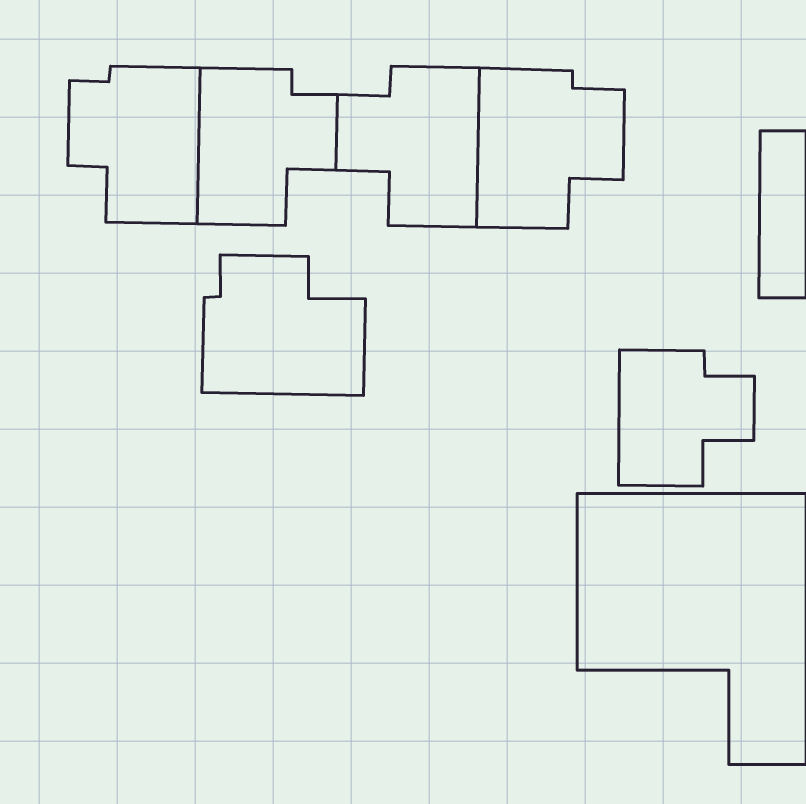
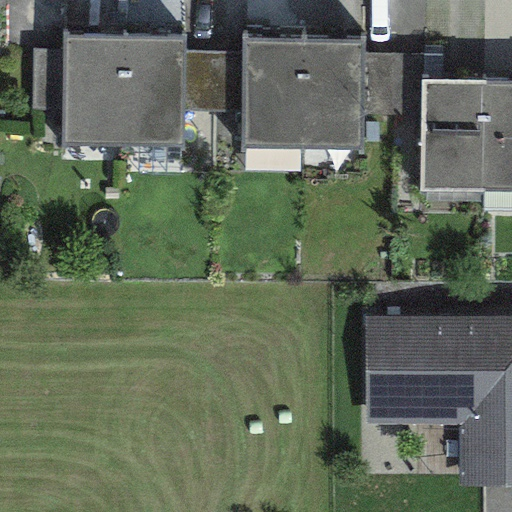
building: none -> [423,82,482,189]
building: [202,255,365,396] -> none
building: [618,350,754,486] -> none

